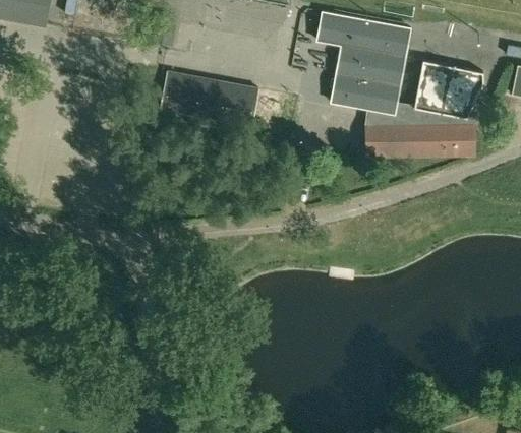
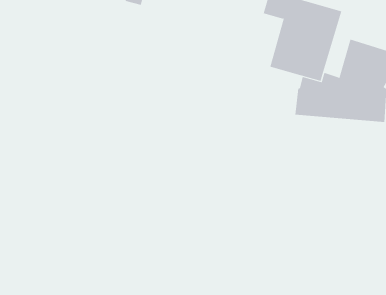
building: [161,72,257,126] -> none

